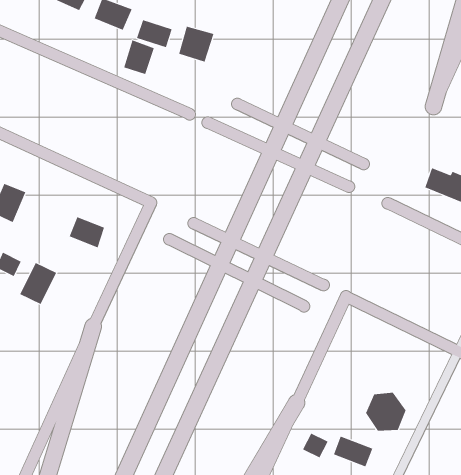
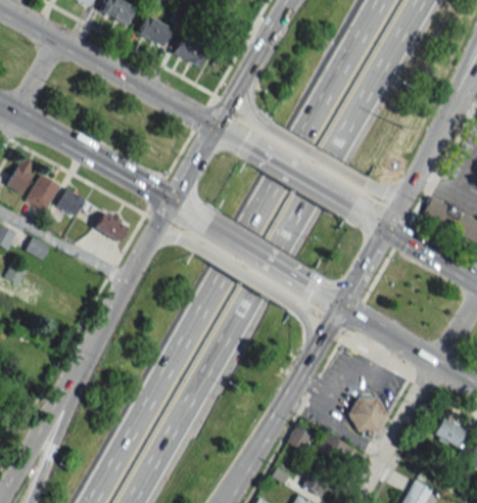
building: [178,26,214,62] -> none
building: [123,40,155,75] -> none
building: none -> [58,188,86,216]
building: [19,262,57,305] -> none

